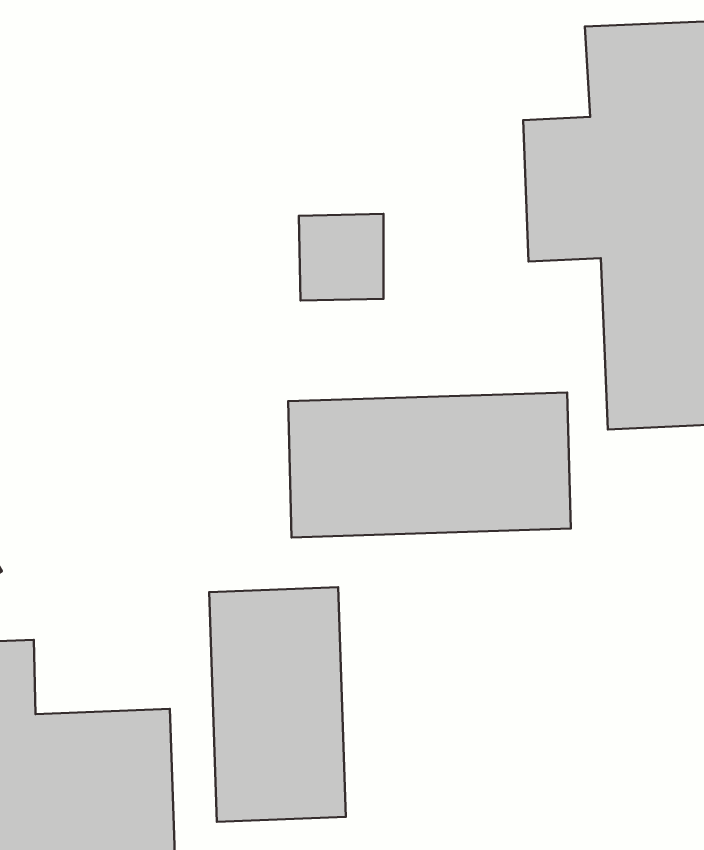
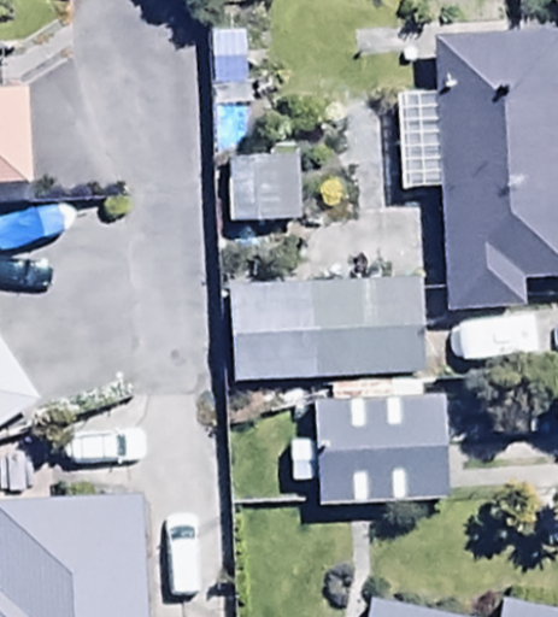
building: none -> [313,393,448,503]
building: [209,587,346,822] -> none

